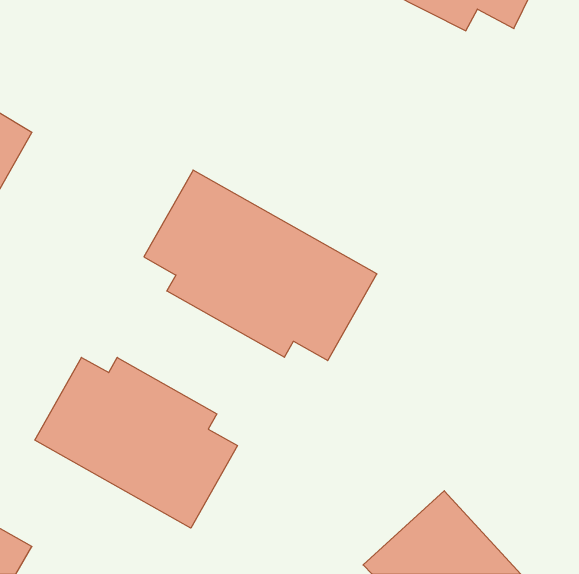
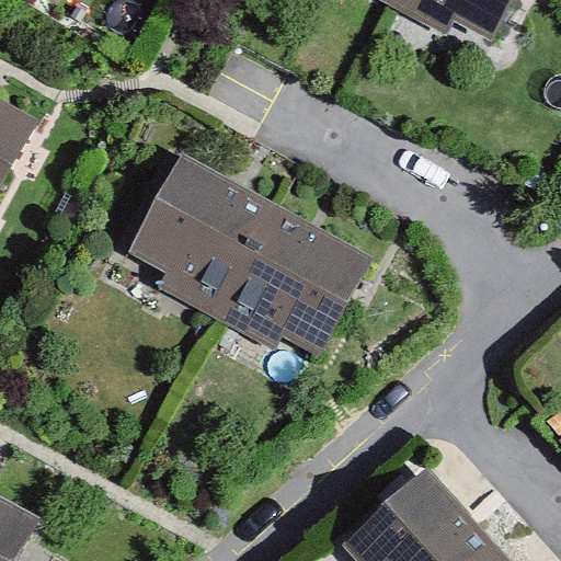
building: [35,357,237,528] -> none

